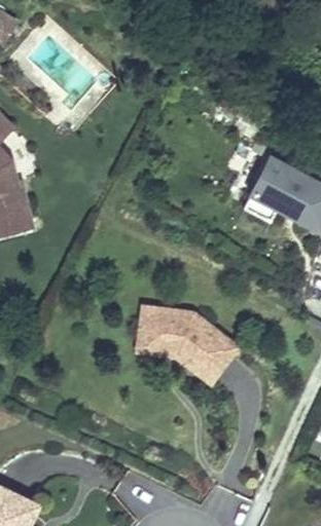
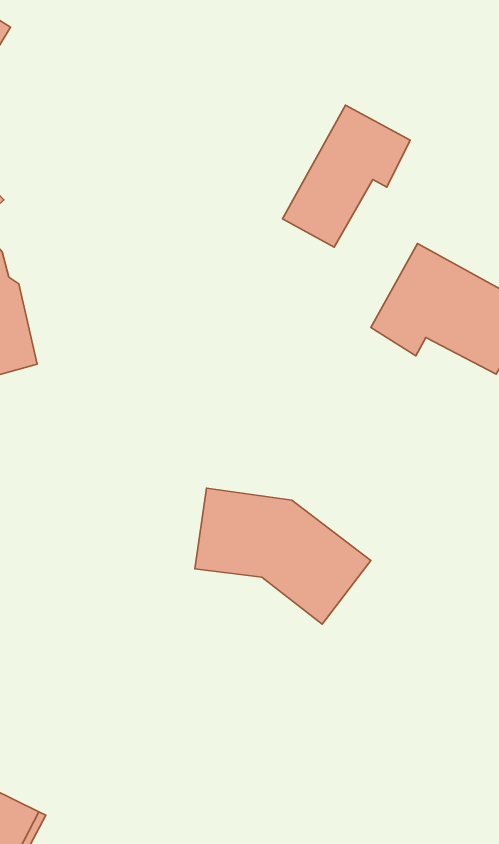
building: none -> [283,105,410,247]

